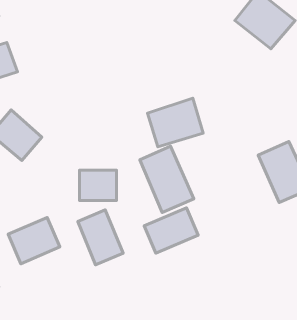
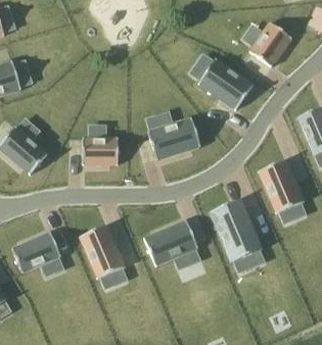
building: none -> [194,51,259,112]
building: [140,146,194,212] -> [210,198,262,262]
building: [79,170,116,201] -> [83,137,119,166]

